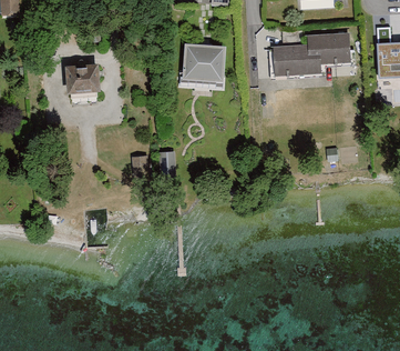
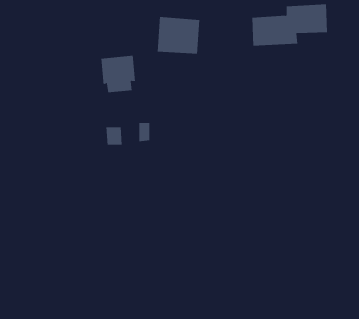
building: [65,67,100,103] -> [101,55,136,93]

